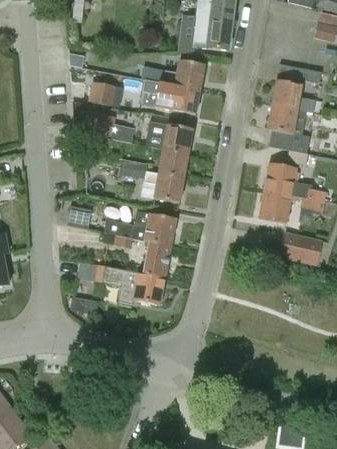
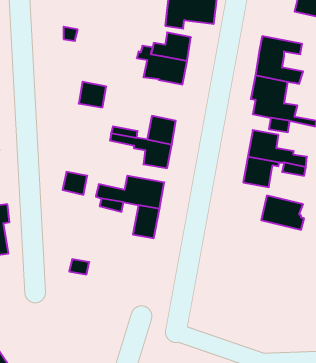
building: [87,81,114,106] -> none
building: [147,120,192,152] -> none
building: [94,264,165,304] -> none

